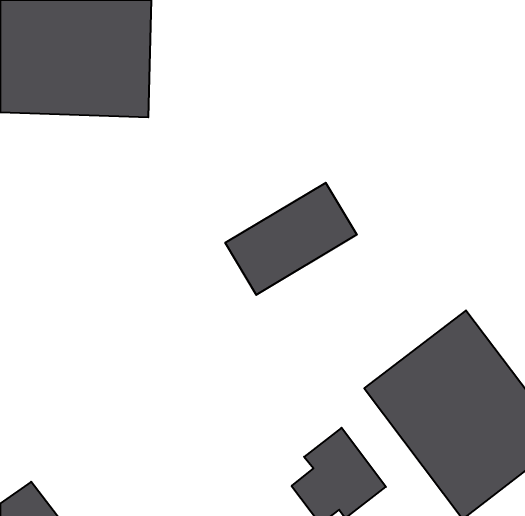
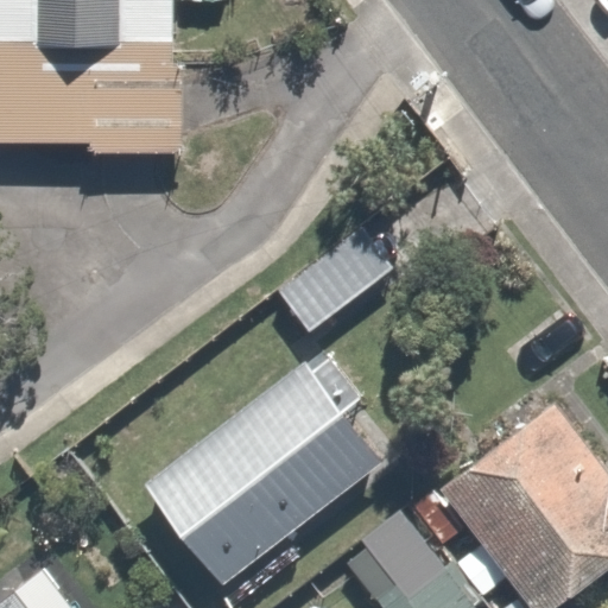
building: none -> [141,357,386,589]

